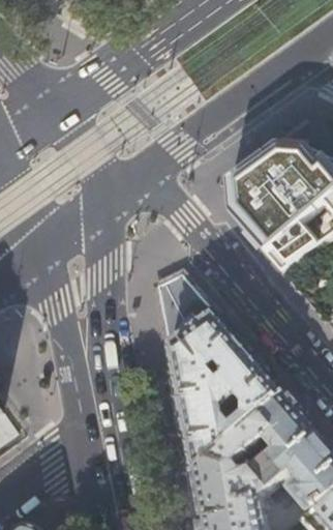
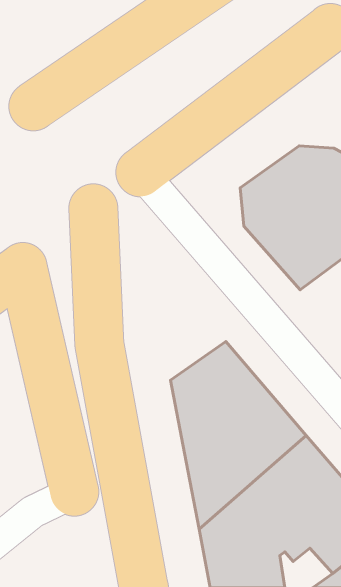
building: [156,272,215,347] -> none

